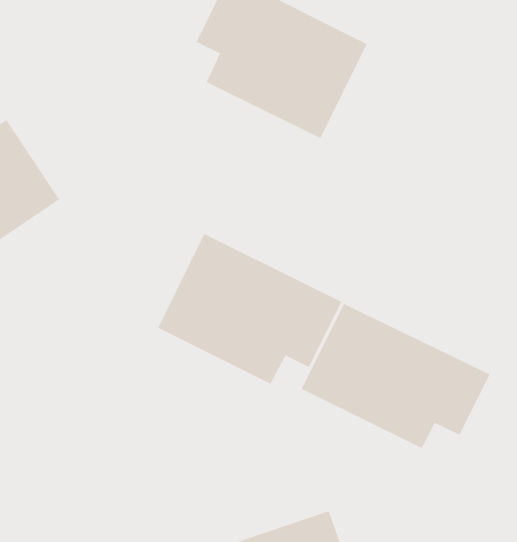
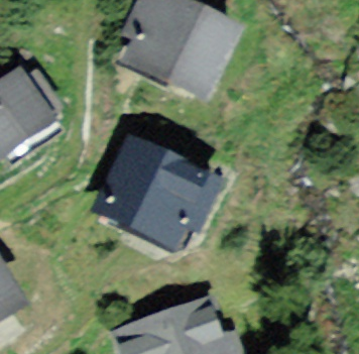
building: [301,303,491,449] -> none

